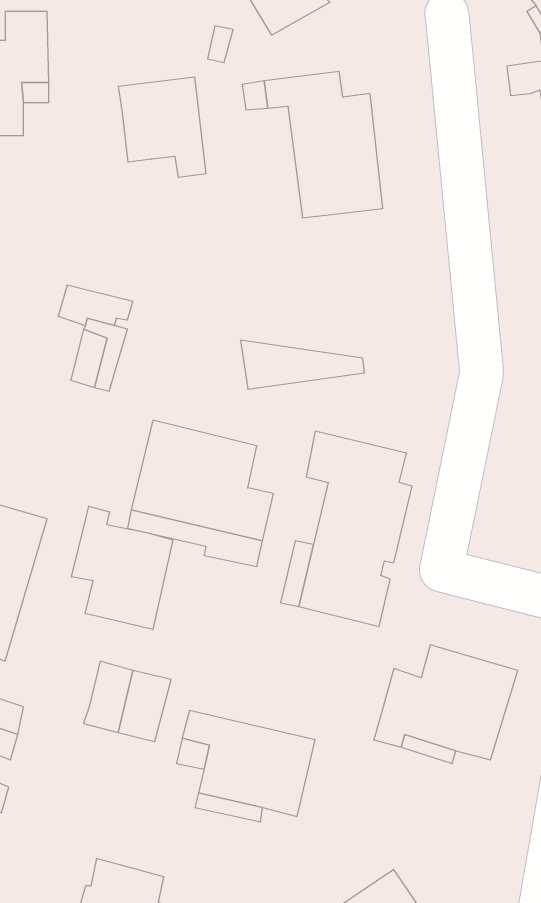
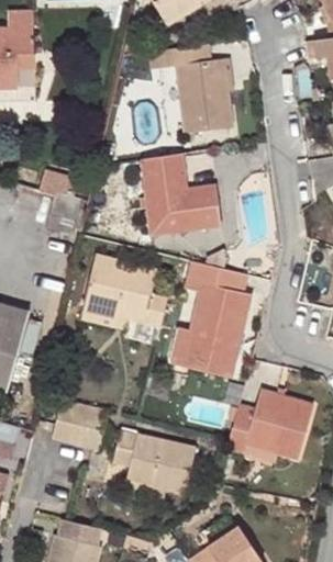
building: [119,77,206,178] -> none
building: none -> [141,154,221,216]
building: [72,506,173,630] -> none

